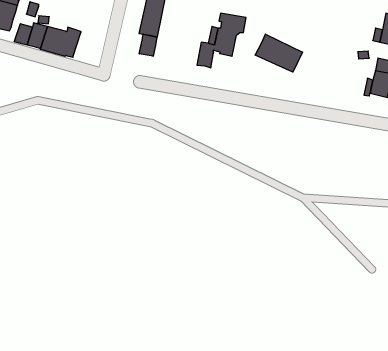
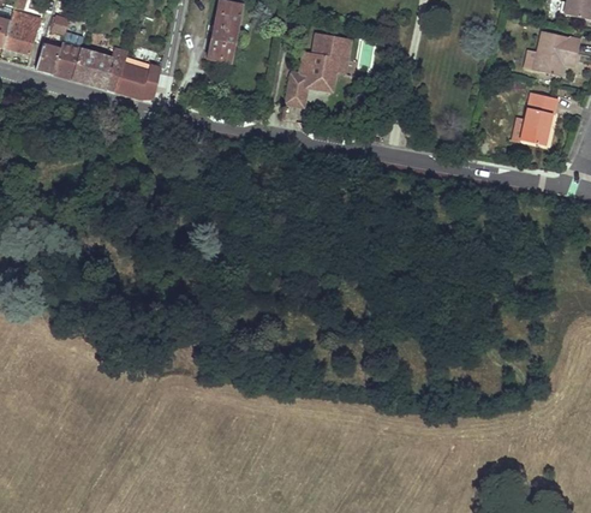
building: none -> [115,56,160,99]
building: [139,34,157,56] -> none
building: [255,34,303,72] -> none

